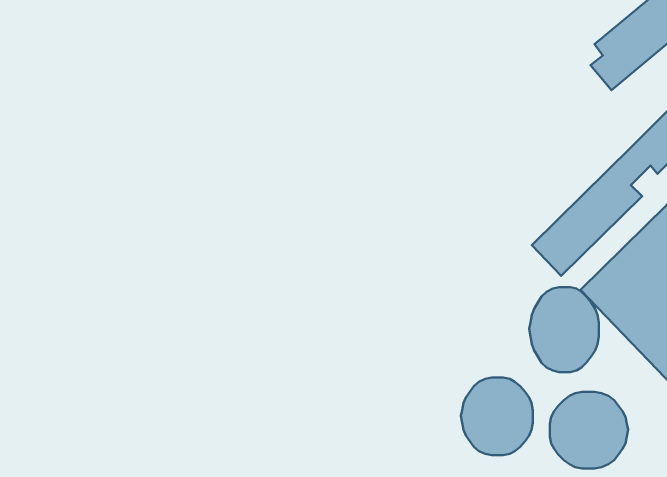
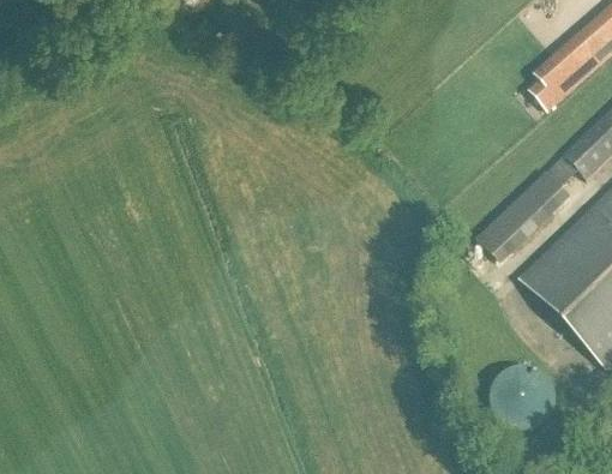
building: [529,287,599,372] -> none
building: [461,378,533,455] -> none

